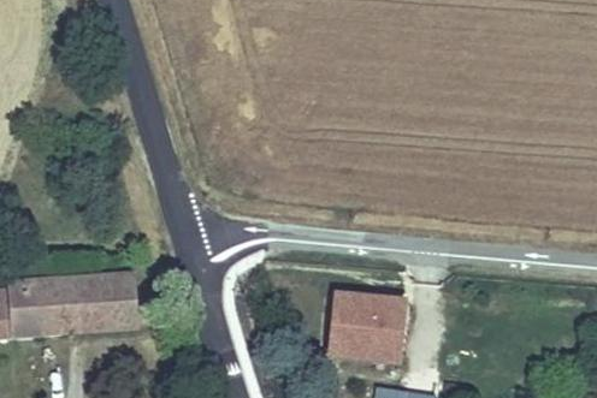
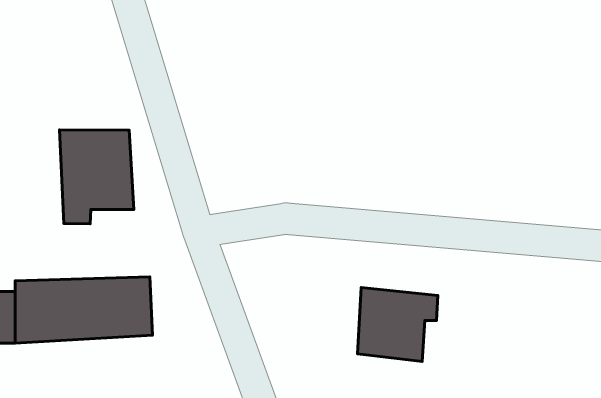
building: none -> [60,130,134,224]

